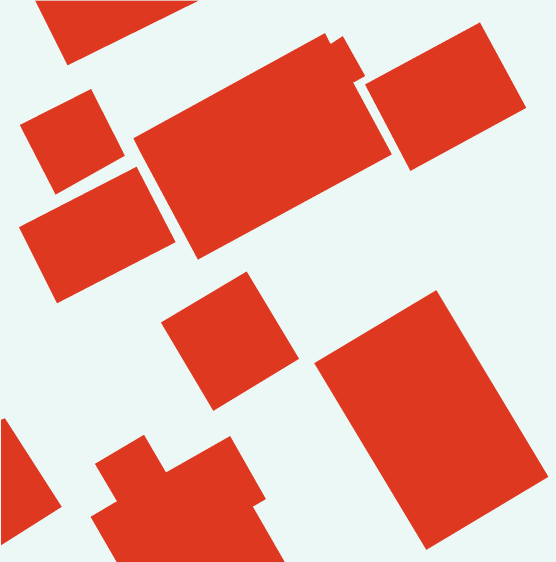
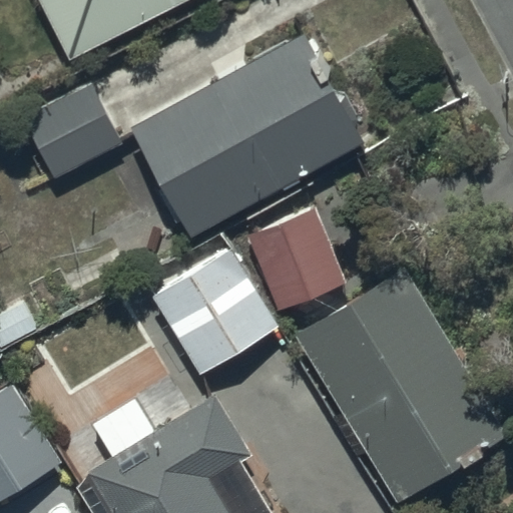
building: [364,22,527,172] -> none
building: [18,166,176,304] -> none
building: none -> [248,204,349,311]

